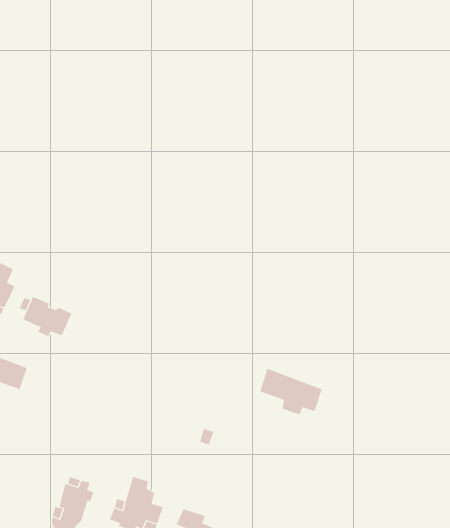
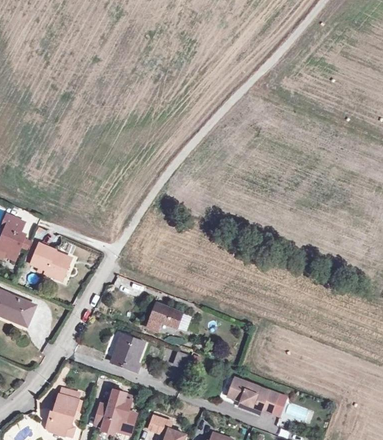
building: none -> [146,304,179,331]
building: [260,368,323,415] -> [224,377,275,415]
building: none -> [107,334,142,370]

